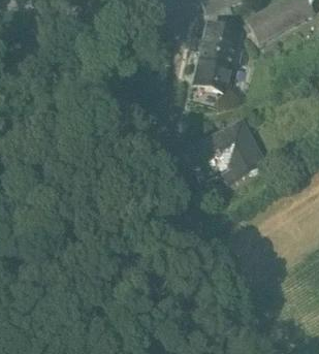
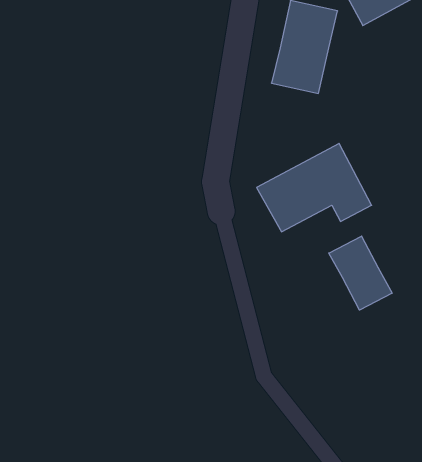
building: none -> [329,236,392,310]

